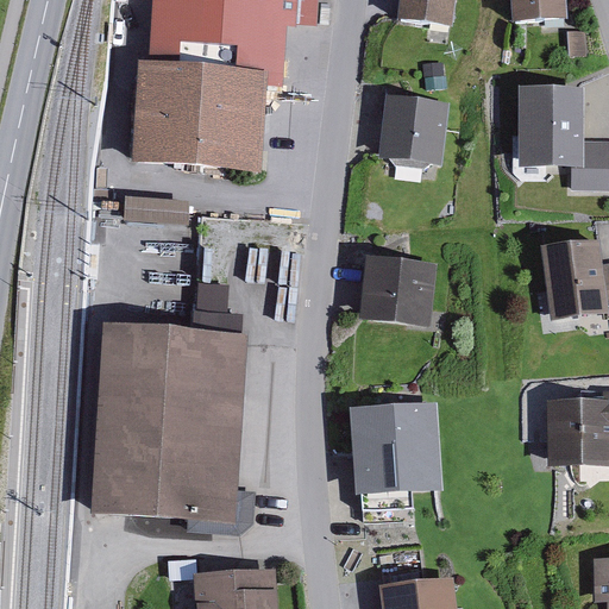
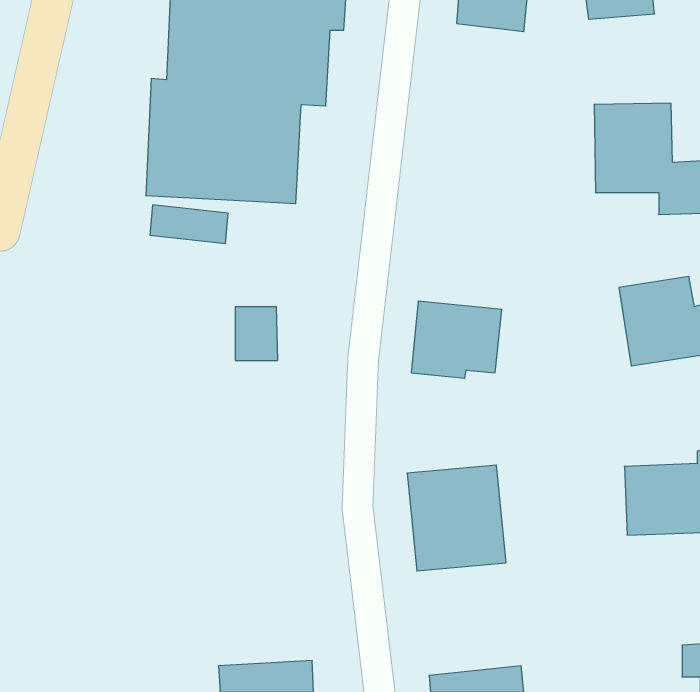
building: [381,98,453,159] -> none
building: [93,321,252,515] -> none

